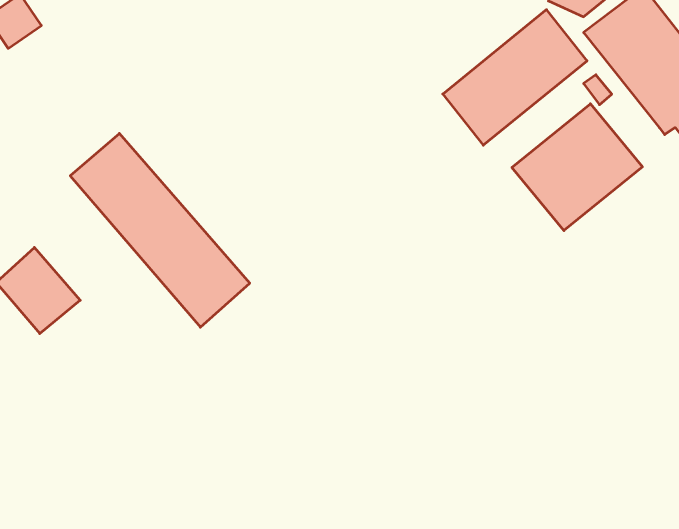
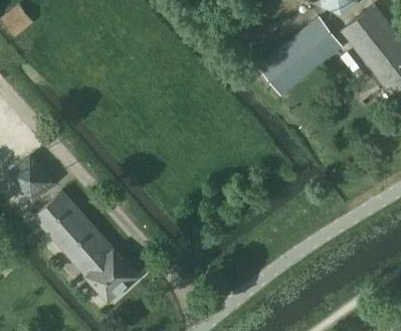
building: [512,104,642,231] -> none
building: [70,133,250,327] -> [34,192,137,303]

